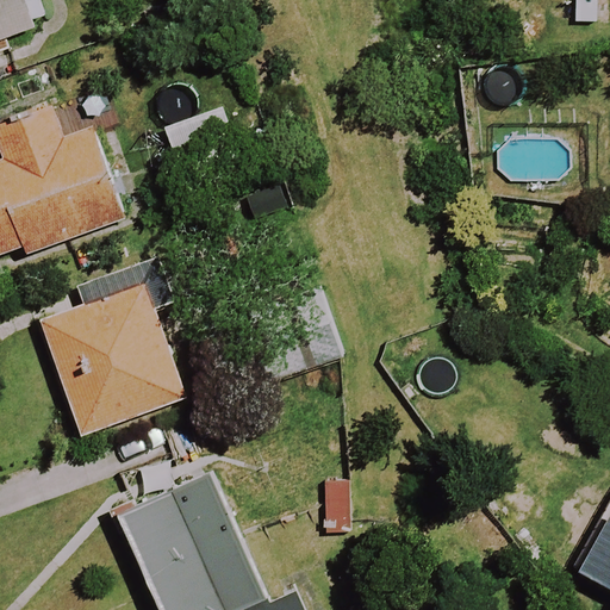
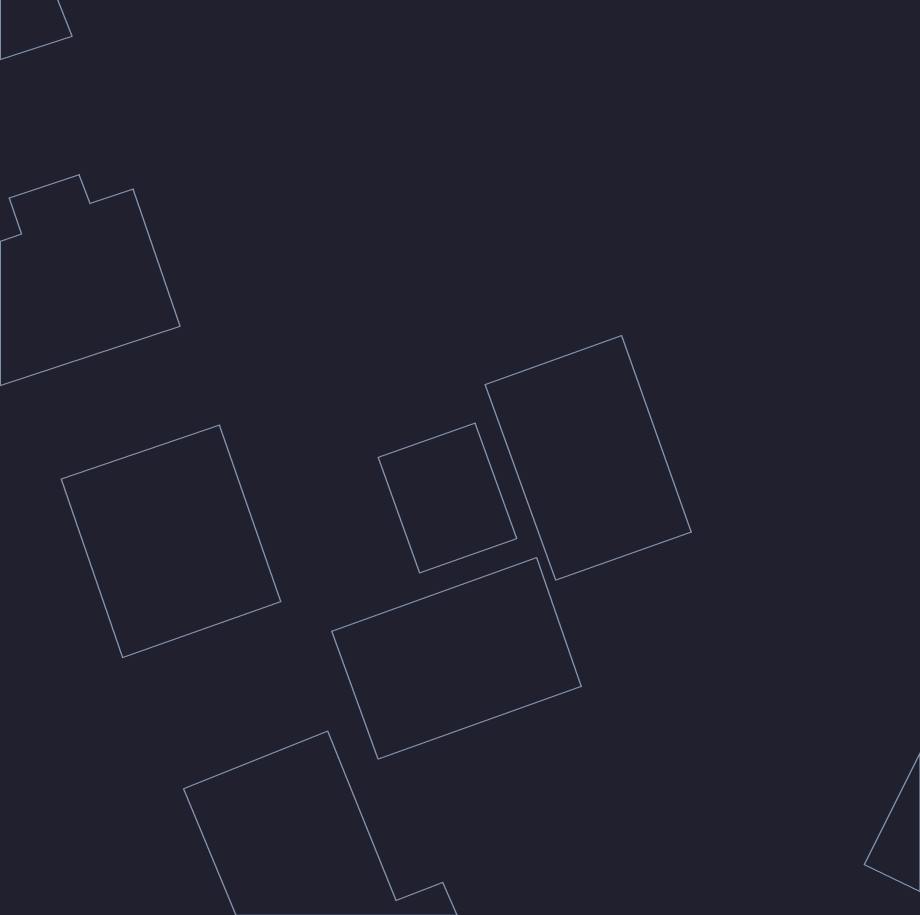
building: none -> [485,336,691,580]
building: none -> [332,558,581,759]

